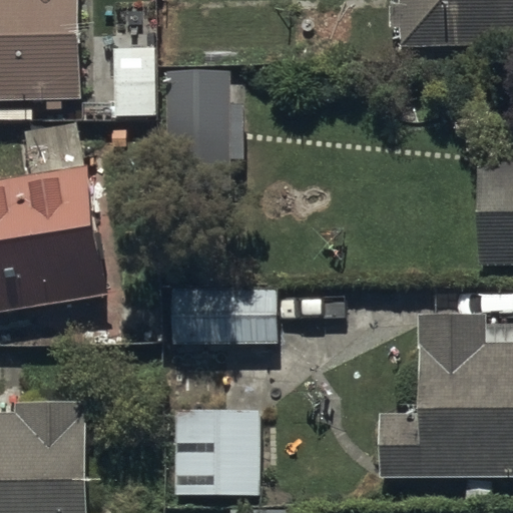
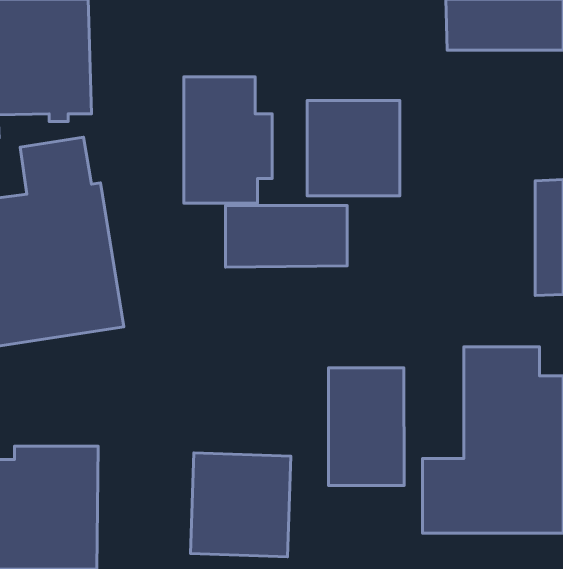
building: none -> [307,101,400,196]
building: [168,289,278,344] -> [226,206,347,267]
building: none -> [328,368,404,486]

